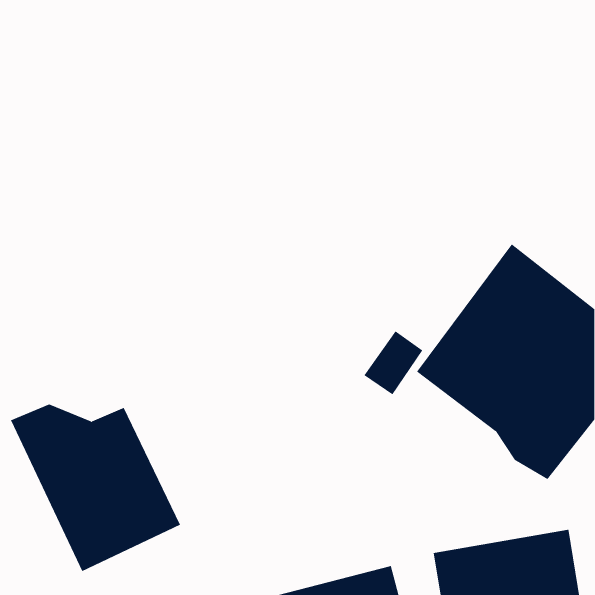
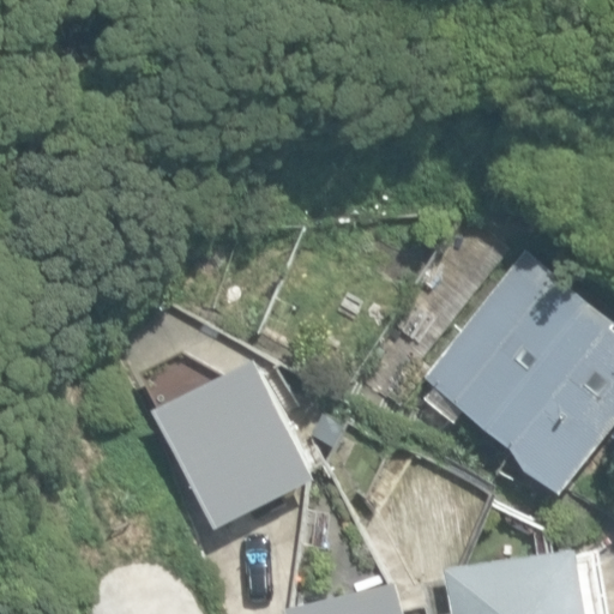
building: [10,404,181,572] -> [140,359,314,530]

